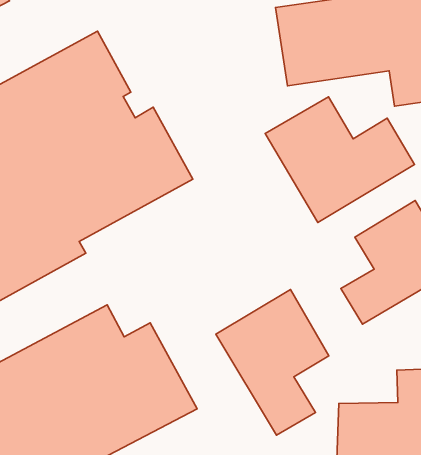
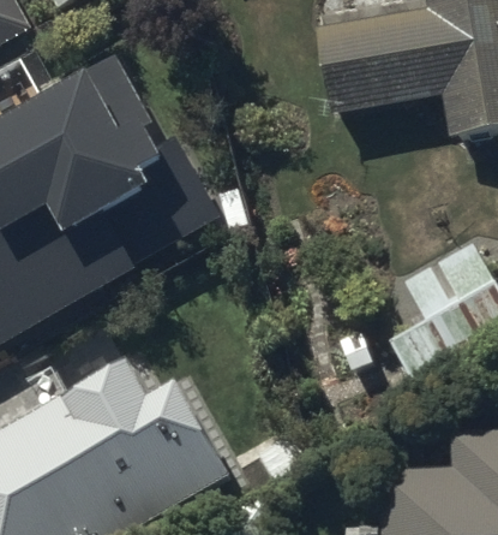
building: [265,97,414,223] -> none
building: [216,290,329,435] -> none

